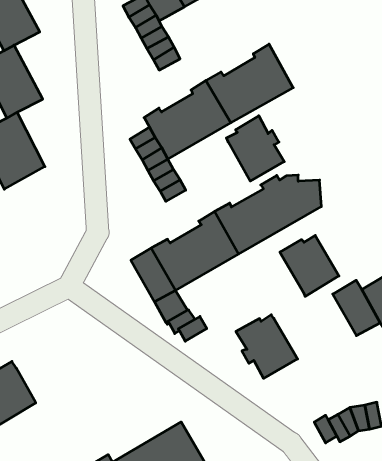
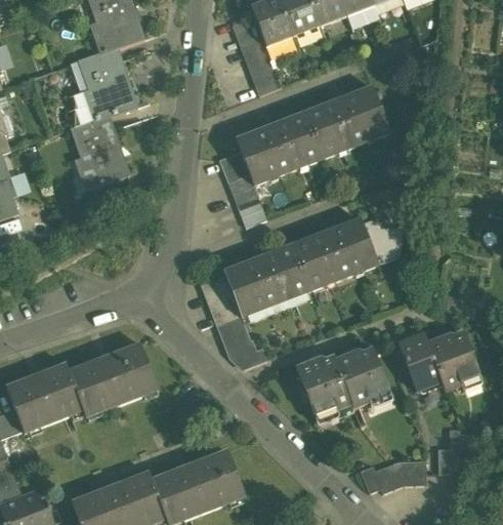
building: [226,116,284,181] -> none
building: [280,235,339,296] -> [335,349,390,408]
building: none -> [70,344,158,416]

